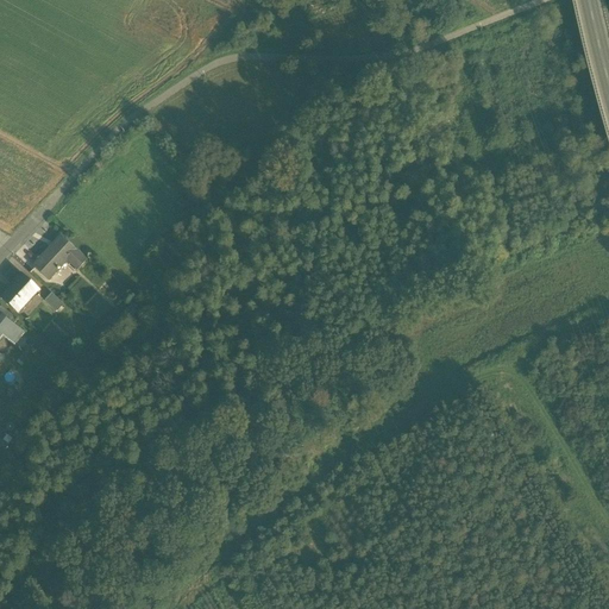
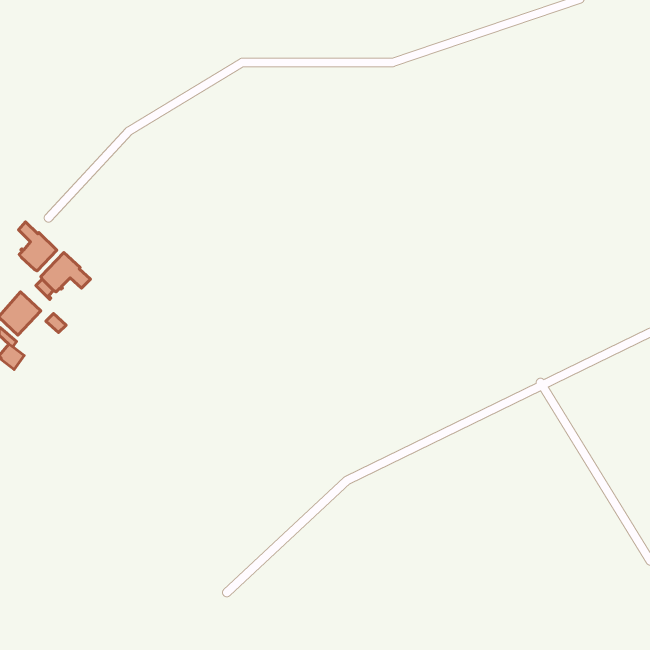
building: none -> [18,222,57,271]

